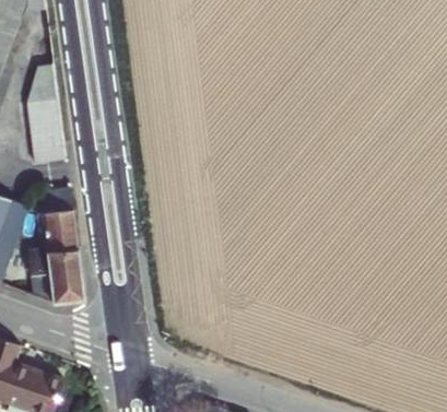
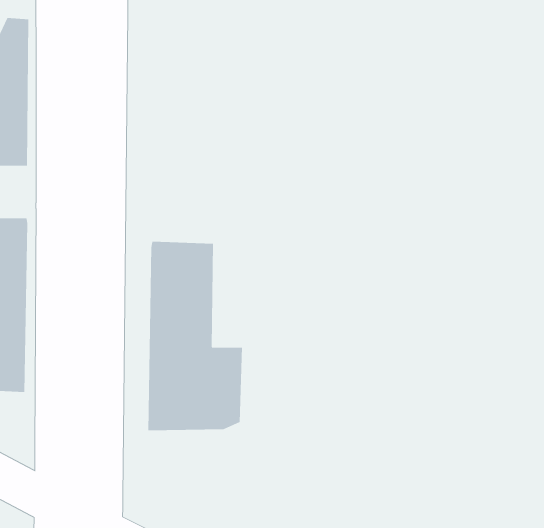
building: none -> [148,241,243,431]

